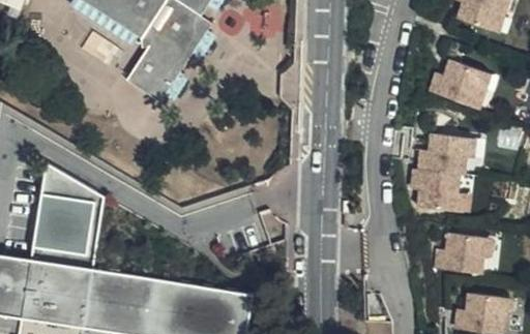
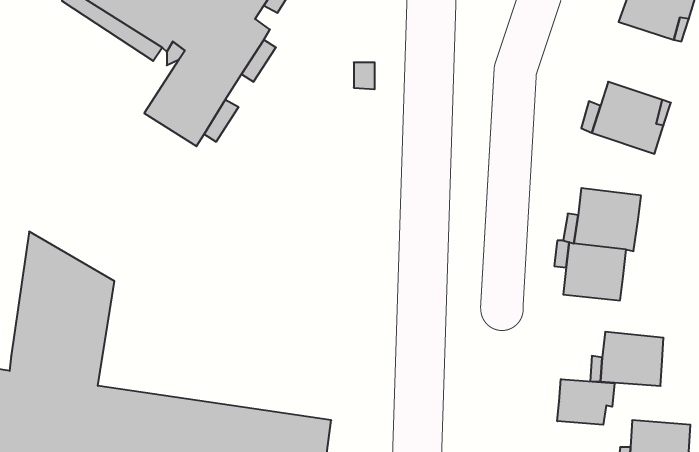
building: none -> [557,379,614,425]

